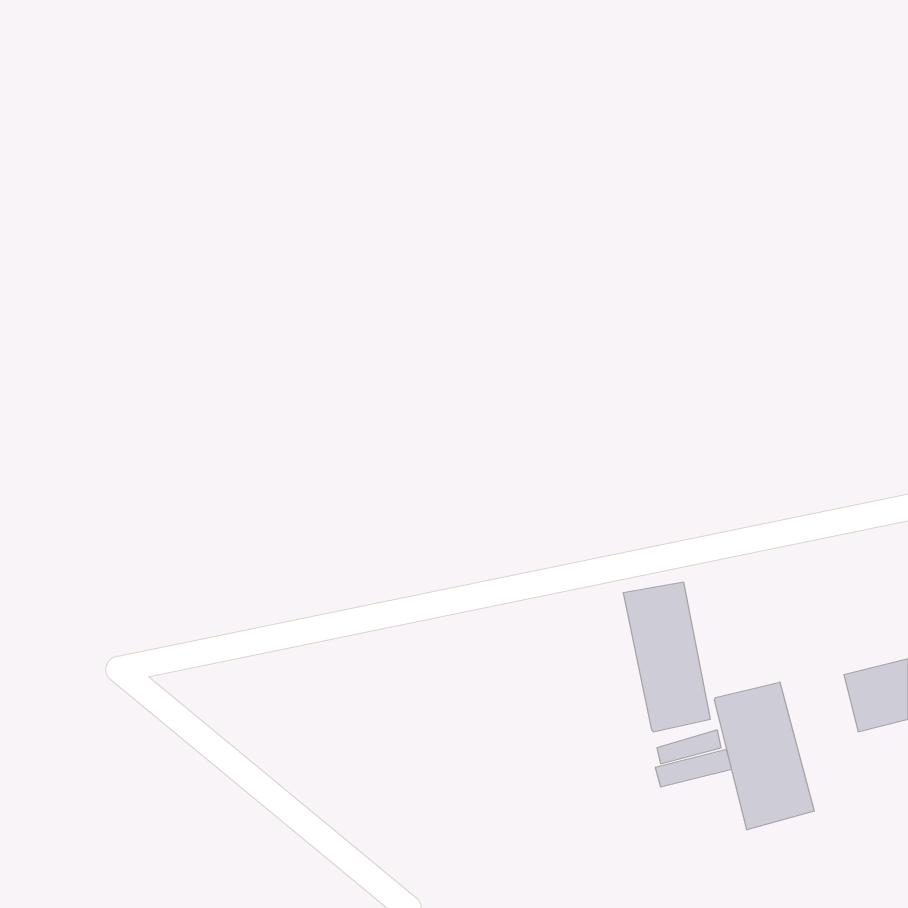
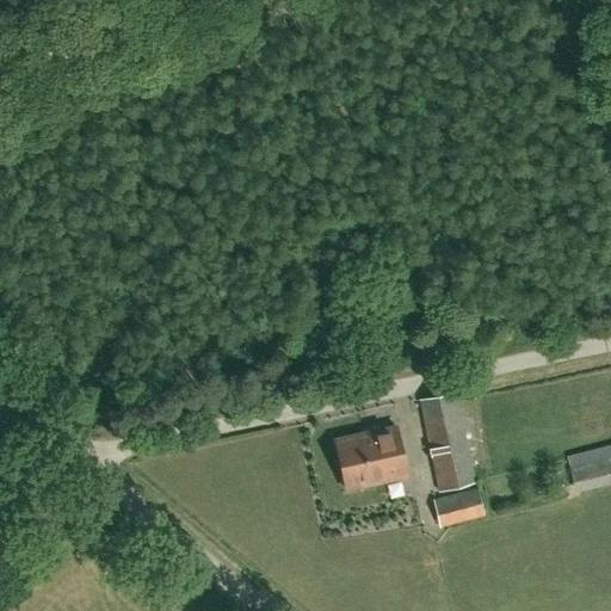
building: none -> [335,426,407,487]
building: [714,682,814,830] -> none

